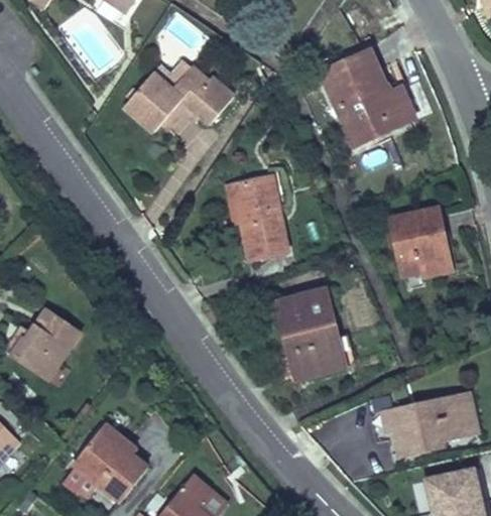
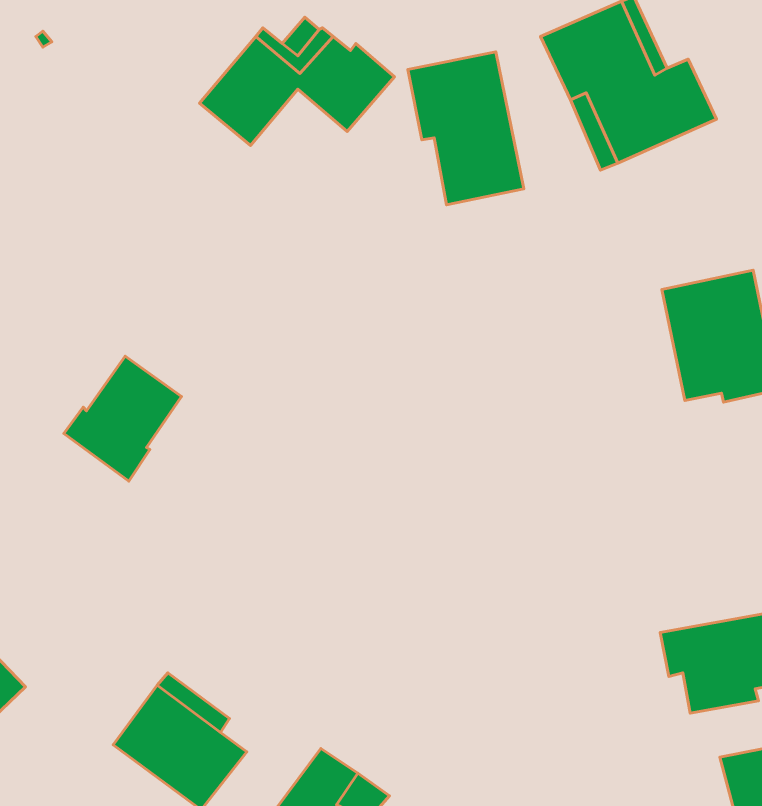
building: [223,173,289,261] -> [408,52,524,205]
building: [271,284,347,383] -> none
building: [13,309,81,381] -> [64,356,182,481]

